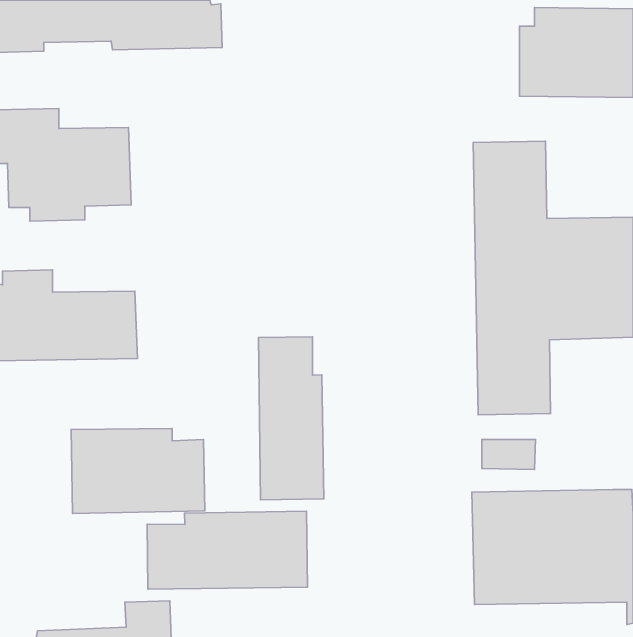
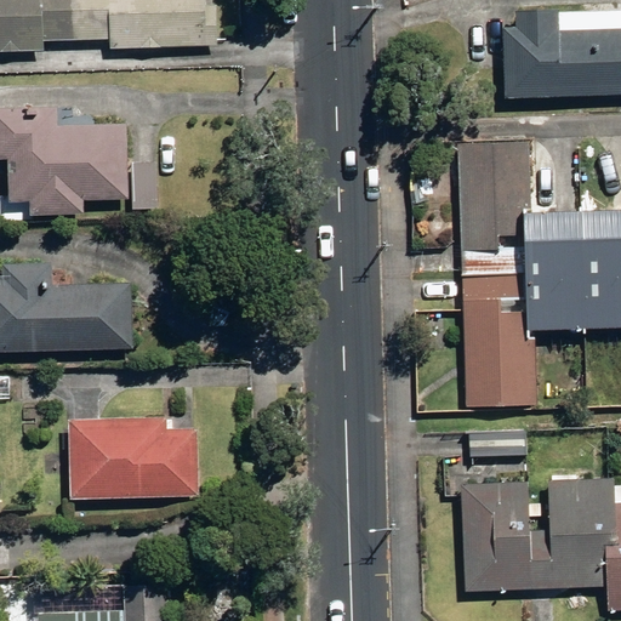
building: [259,337,324,500] -> none
building: [147,511,308,589] -> none

